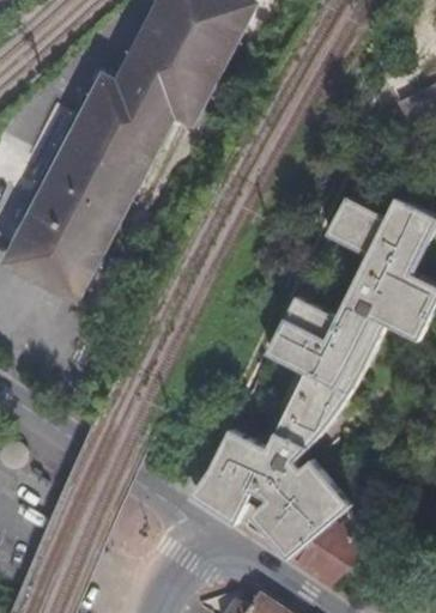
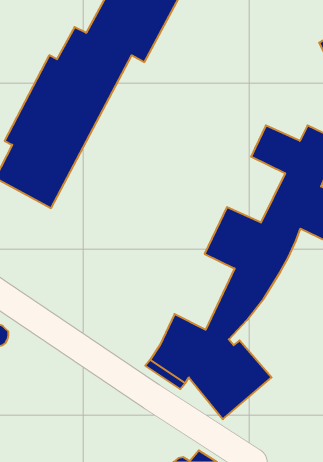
building: [289,515,370,584] -> none

